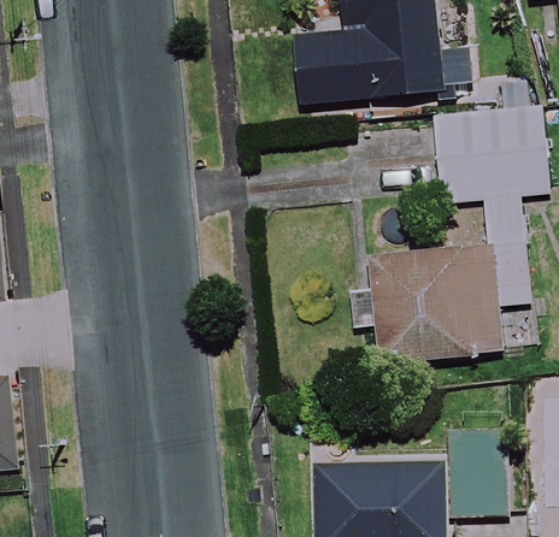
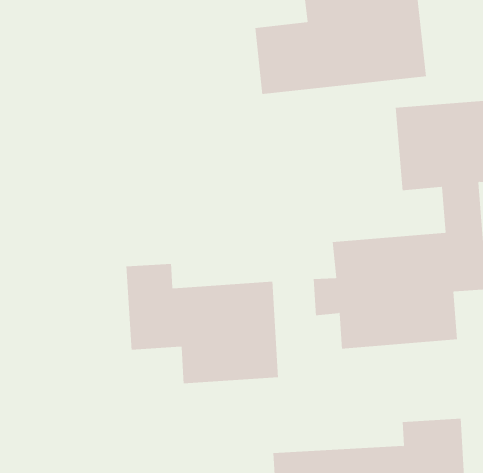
building: none -> [126,263,278,384]

